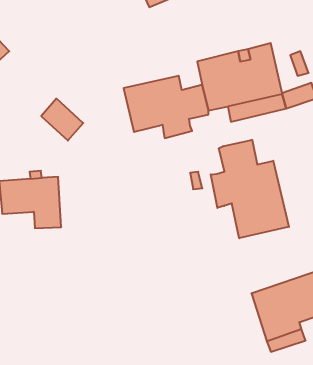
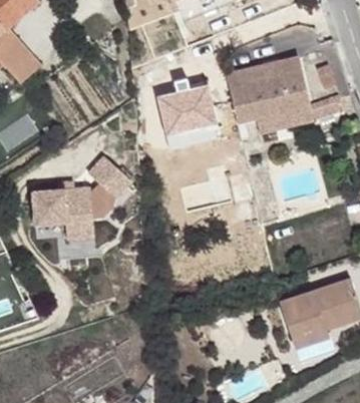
building: [41,99,83,141] -> [88,155,129,196]
building: [211,140,289,238] -> none

